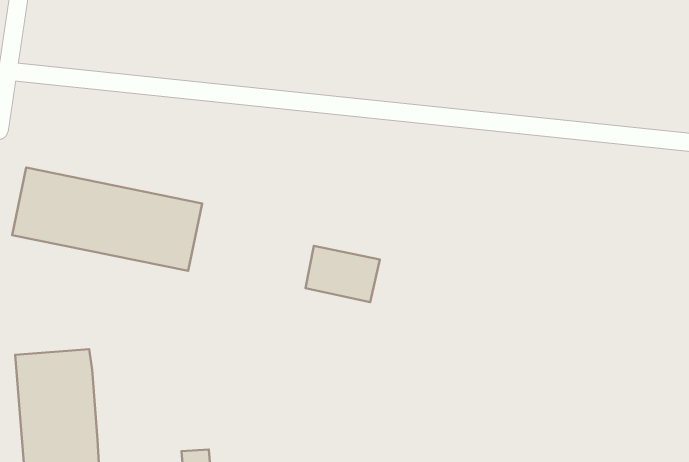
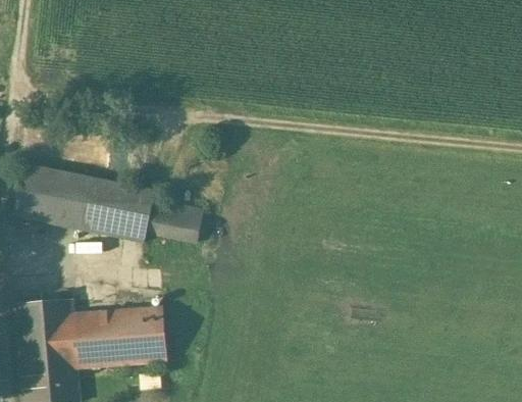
building: [306,246,380,302] -> [150,200,205,242]
building: none -> [74,308,167,367]

